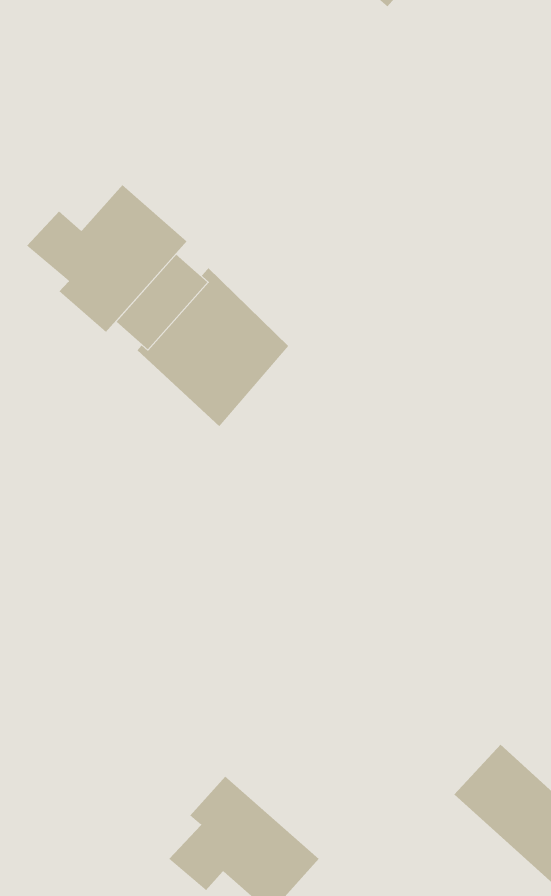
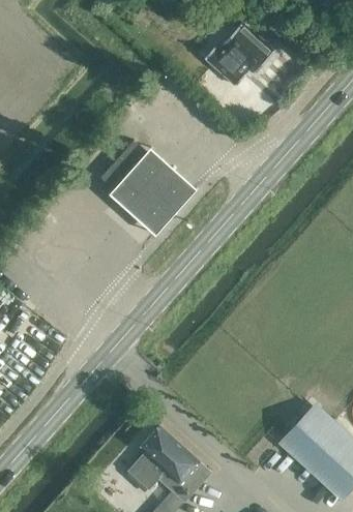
building: none -> [207,24,274,86]
building: [26,184,188,333] -> none

